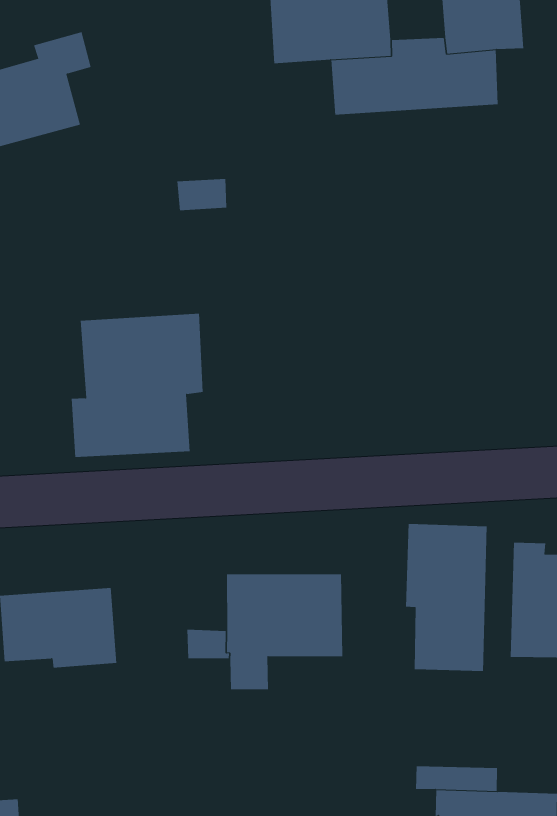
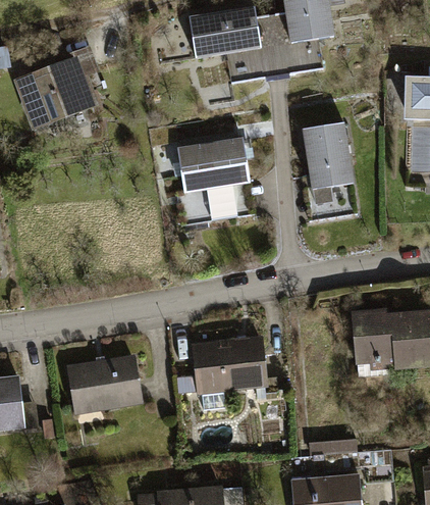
building: none -> [304,122,358,218]
building: [71,313,203,457] -> [176,138,250,224]
building: [405,523,487,672] -> none

